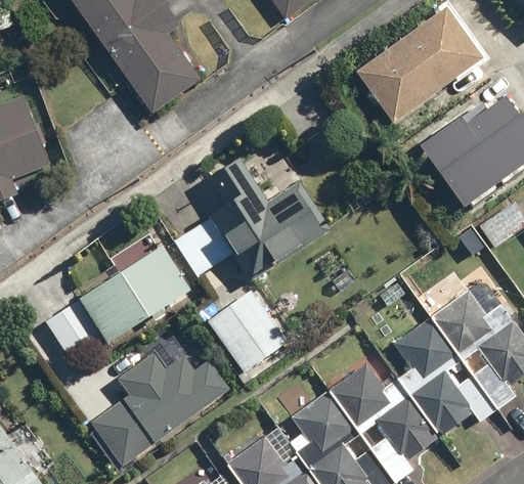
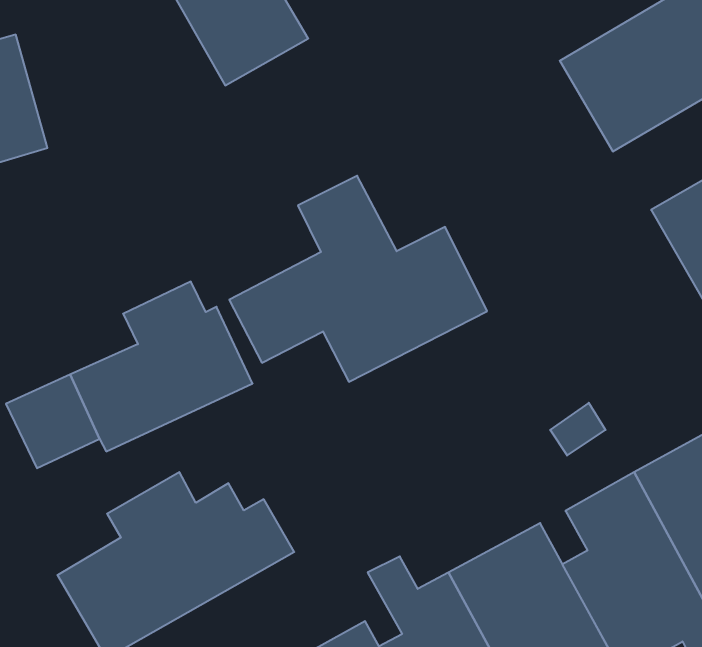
building: [207,289,289,372] -> none

